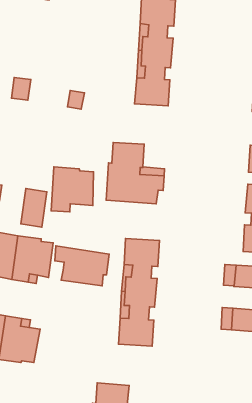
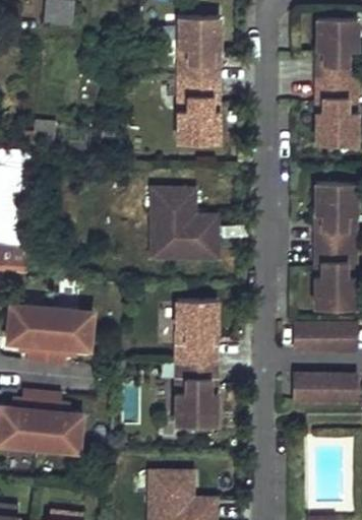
building: [51,167,94,212] -> none
building: [21,189,47,227] -> none
building: [55,246,109,286] -> none

